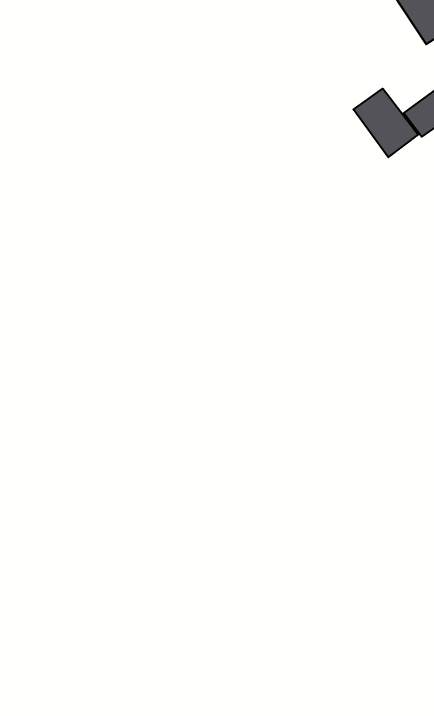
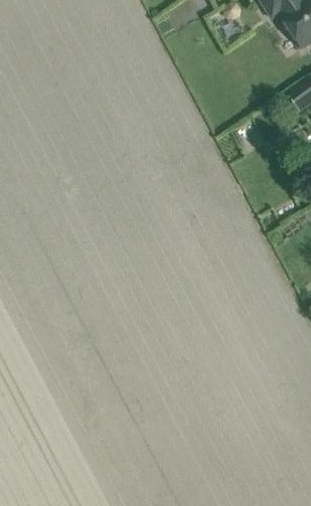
building: [353,89,418,157] -> none

